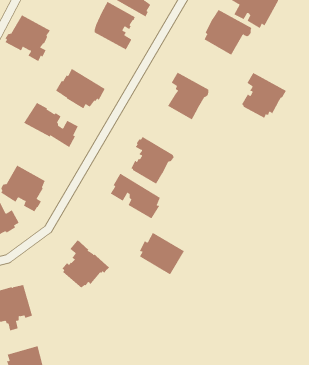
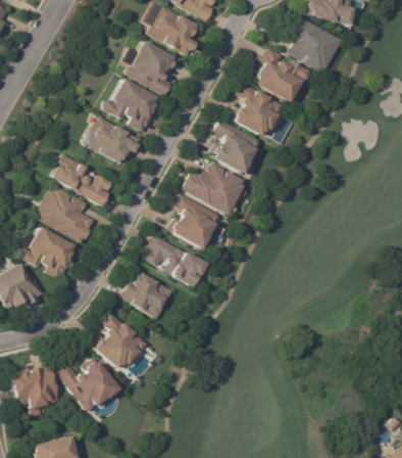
building: [4,14,51,62] -> [107,80,160,134]
building: [241,72,287,119] -> [232,83,284,136]
building: none -> [182,164,244,216]
building: none -> [38,185,96,243]
building: [139,232,185,275] -> [123,271,175,320]
building: none -> [61,357,119,411]

